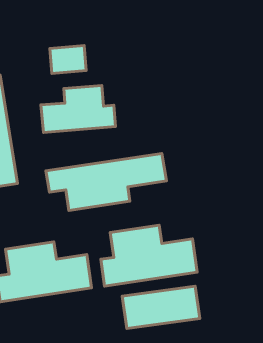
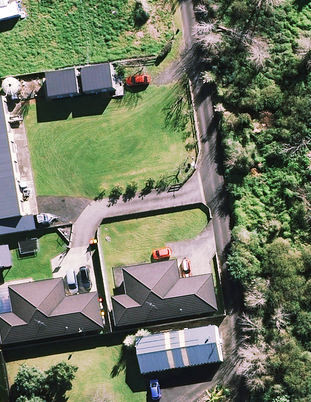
building: [41,86,116,132] -> none
building: [46,153,167,210] -> none

